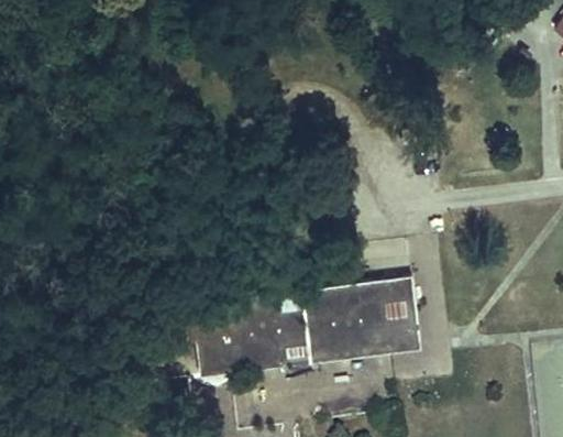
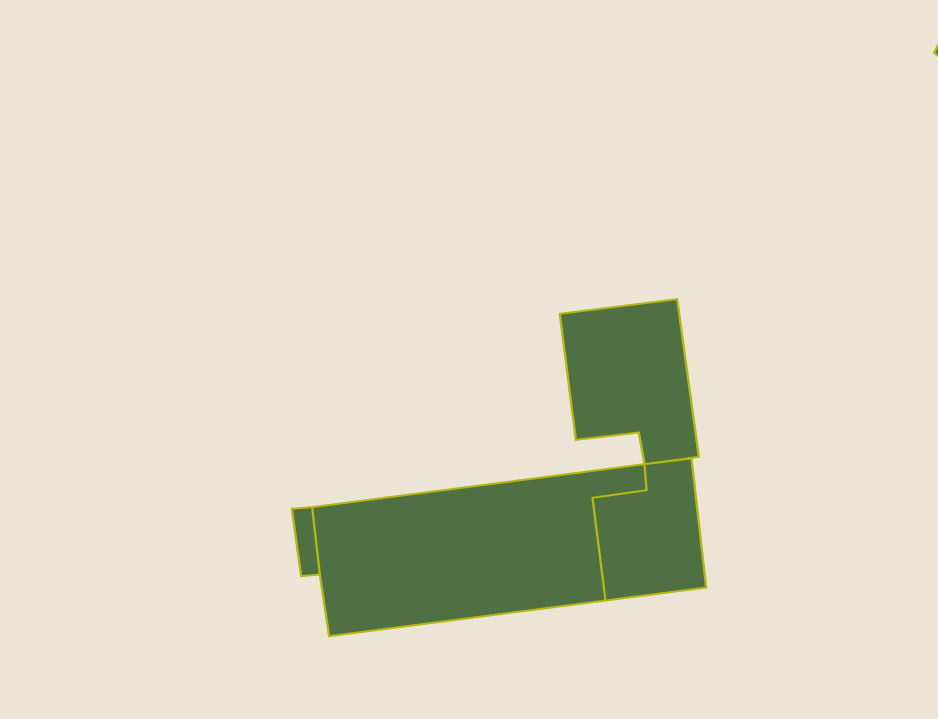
building: none -> [560,299,699,464]

